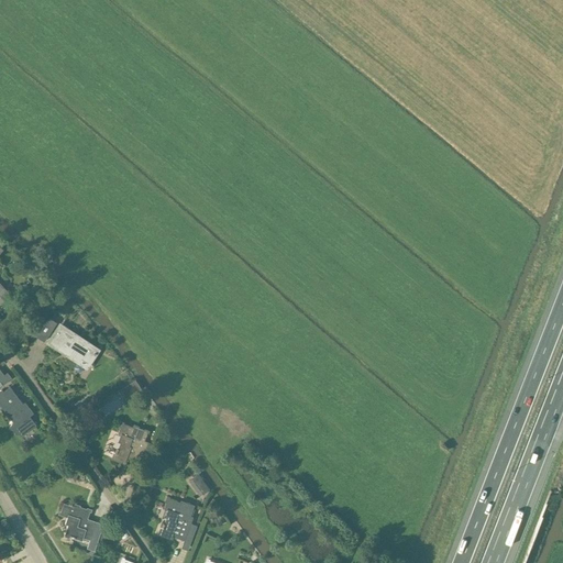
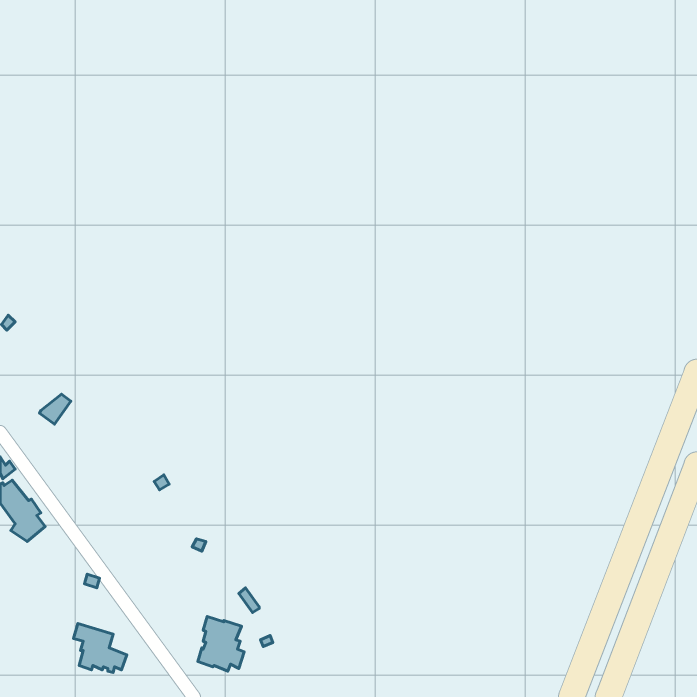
building: [51,327,97,364] -> none
building: [112,422,150,463] -> none

